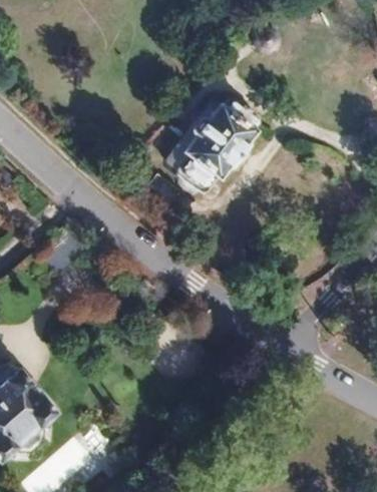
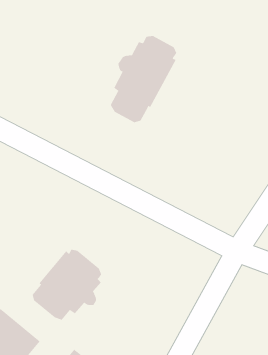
building: none -> [32,249,102,320]

